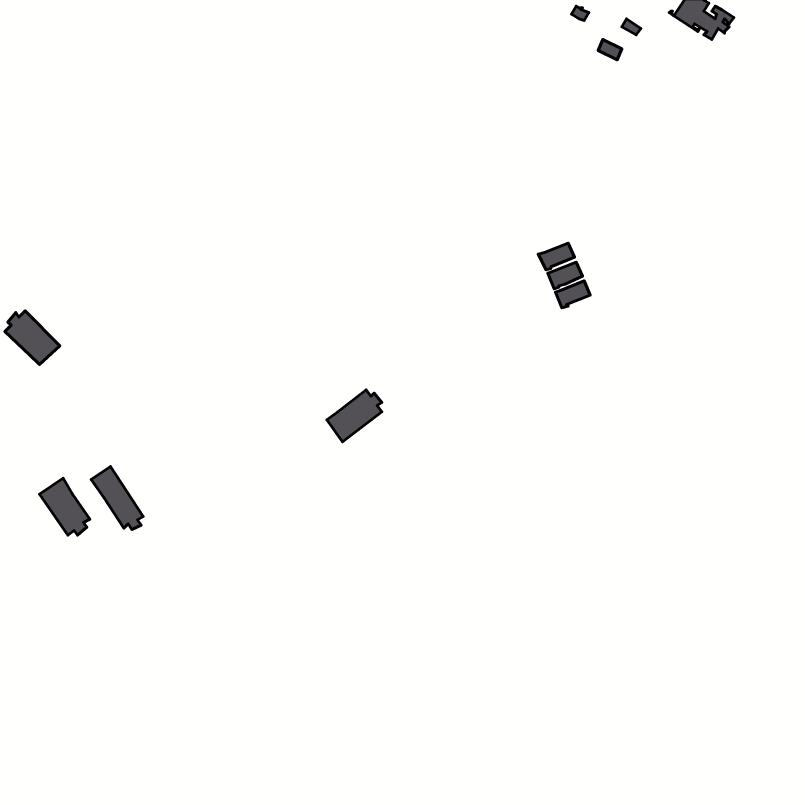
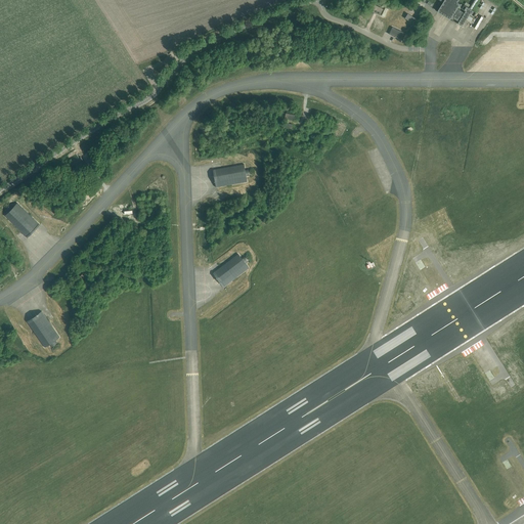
building: none -> [212,163,249,186]
building: [91,467,143,530] -> none

